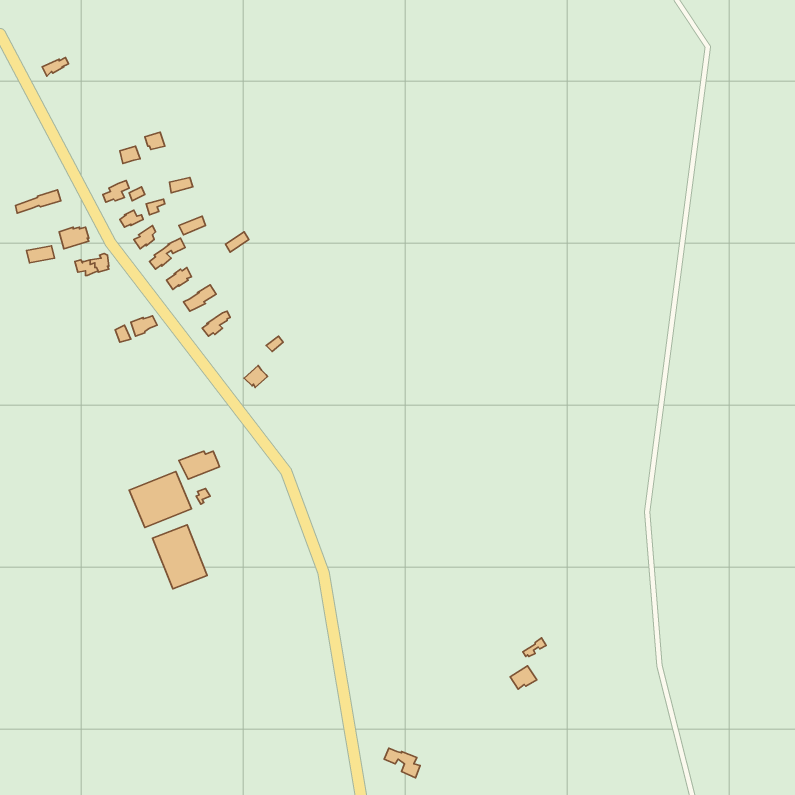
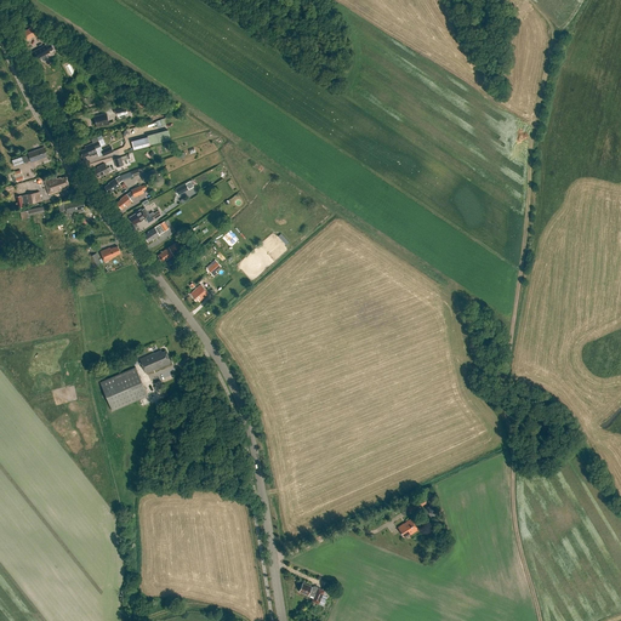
building: [152,525,207,589] -> none

